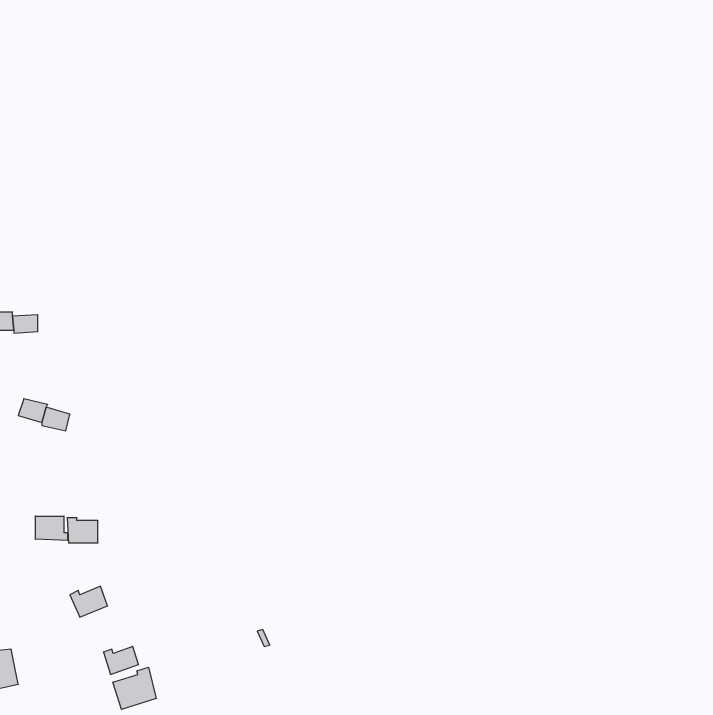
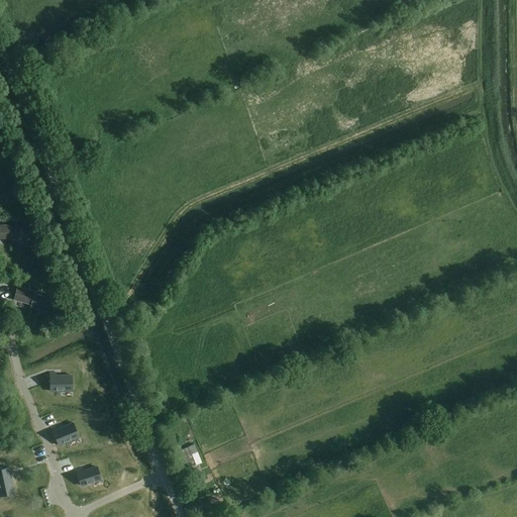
building: [35,516,68,540] -> none
building: [113,667,156,709] -> none

